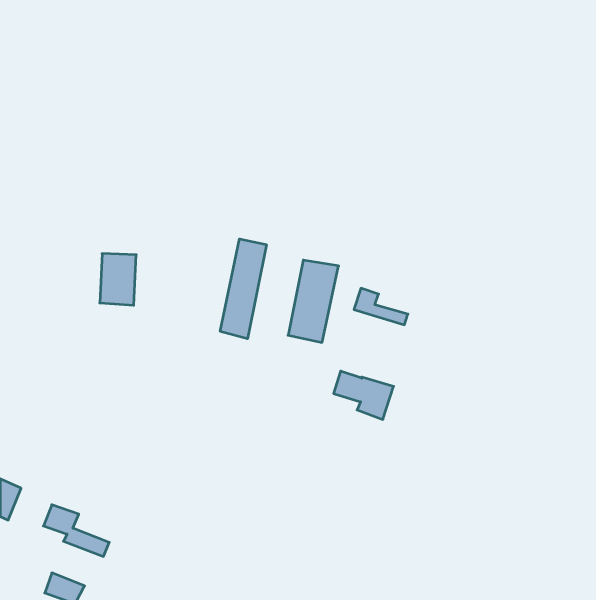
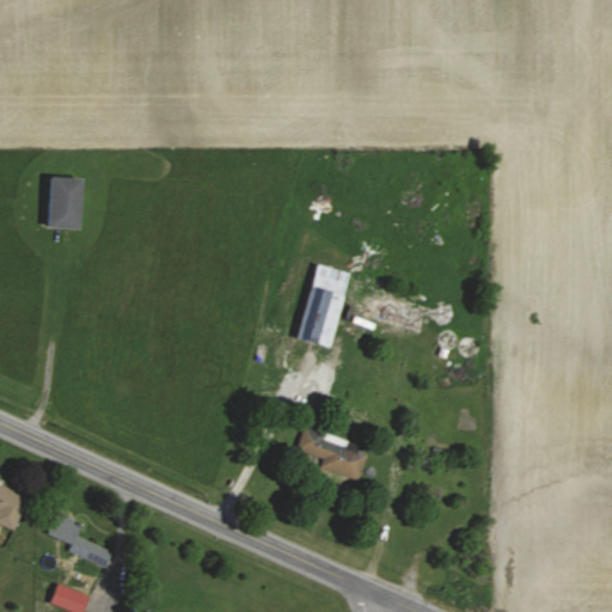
building: [220,239,266,339] -> none
building: [100,254,136,305] -> [45,177,82,230]
building: [334,371,394,419] -> [298,429,359,478]

